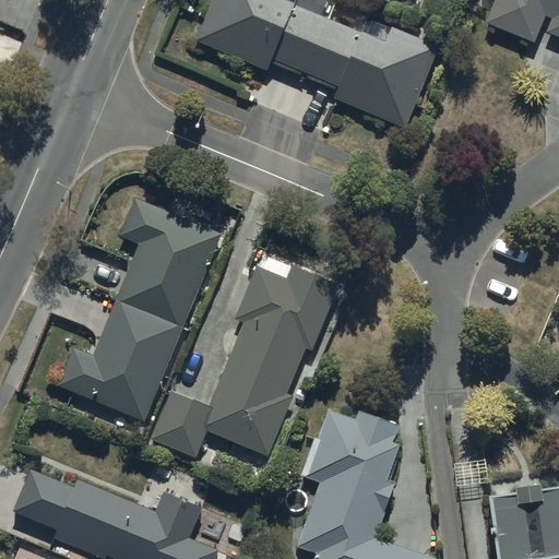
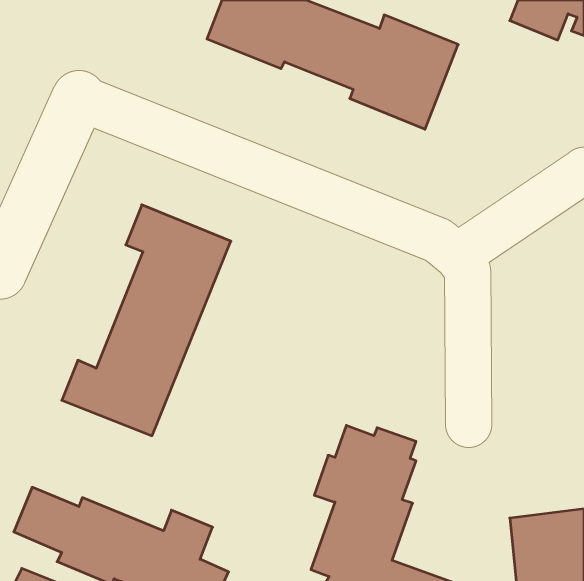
building: [153,257,338,456] -> none

